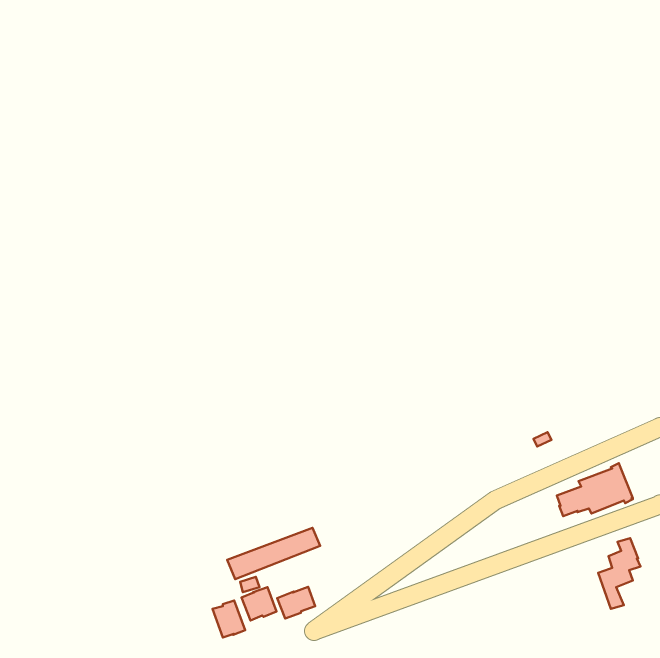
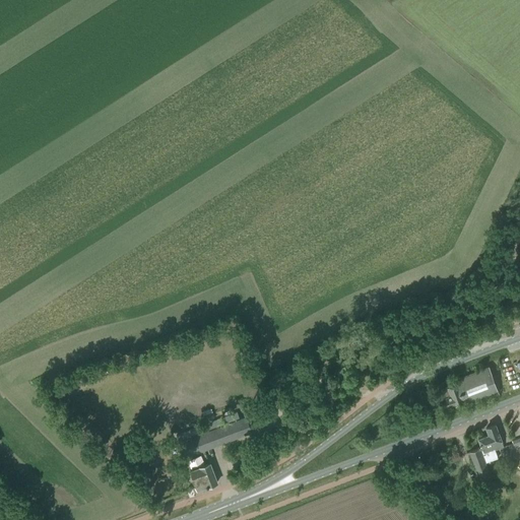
building: [277,587,315,619] -> none
building: [213,600,245,638] -> none

